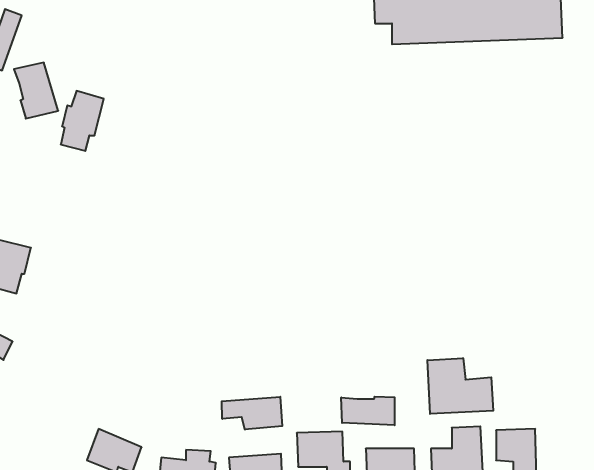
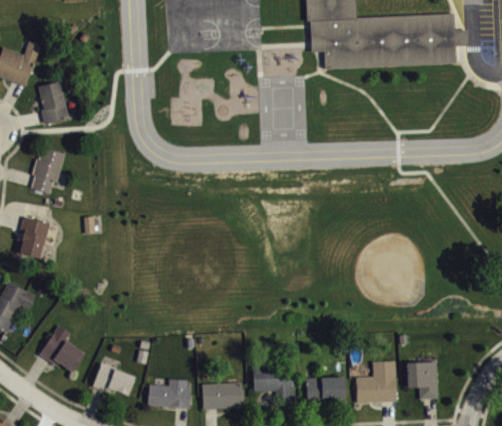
building: [61,91,104,151] -> [31,147,64,193]
building: [427,358,493,414] -> none
building: none -> [39,325,84,372]
building: [341,397,395,425] -> none
building: [222,397,282,430] -> none

